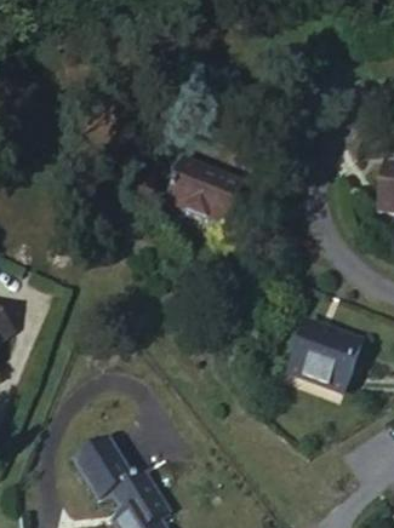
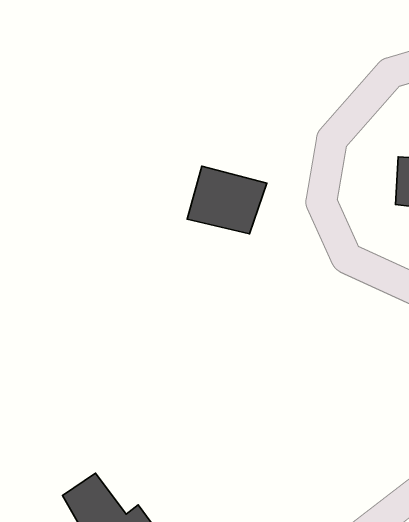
building: [286,311,355,378] -> none

